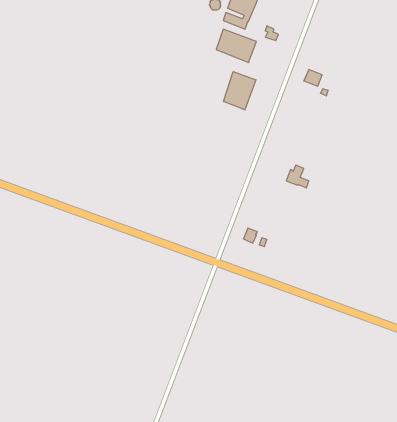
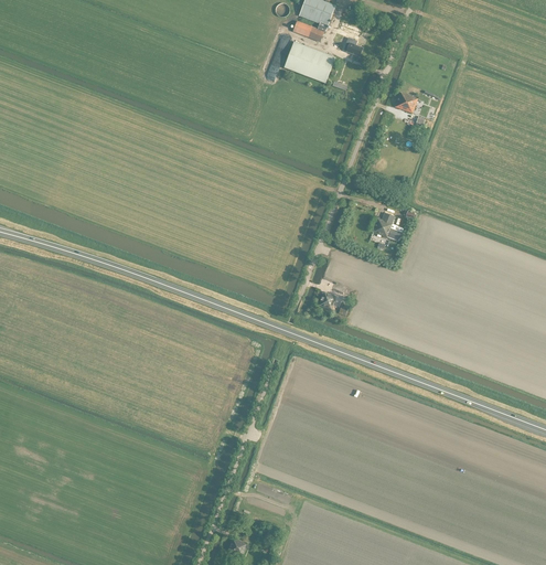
building: [224,72,256,110] -> none

